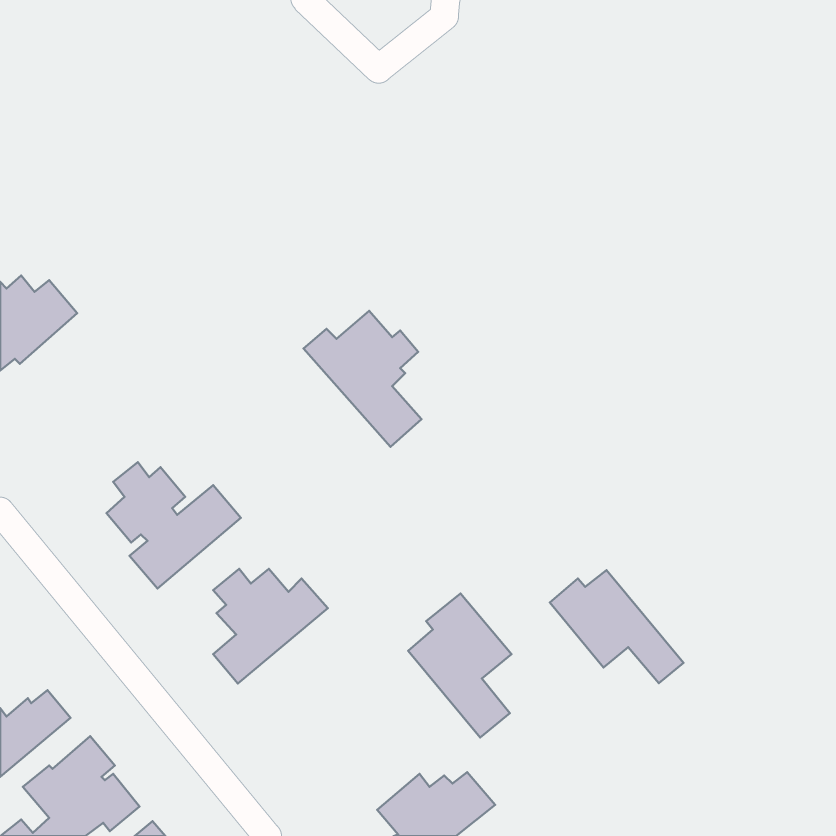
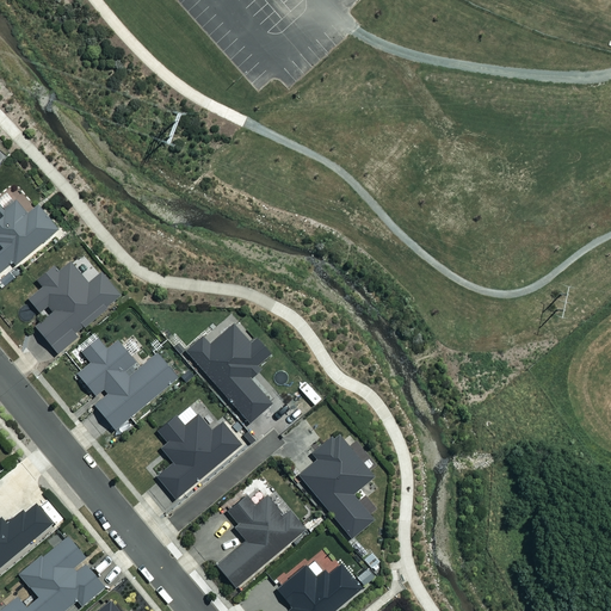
building: [304,311,422,447] -> [185,323,271,422]
building: none -> [29,261,121,353]
building: [550,570,683,683] -> none
building: none -> [216,493,304,587]

